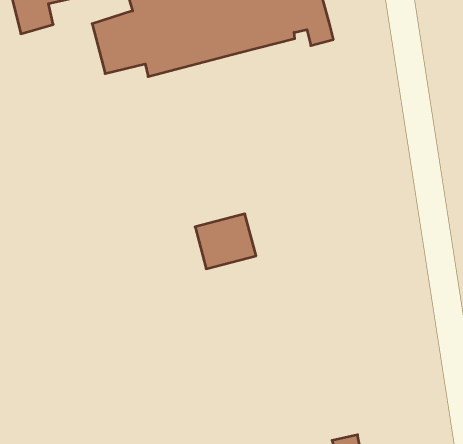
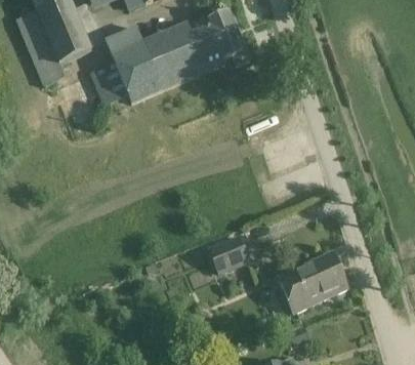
building: [195,214,256,269] -> [208,234,251,274]
building: none -> [278,251,347,312]

